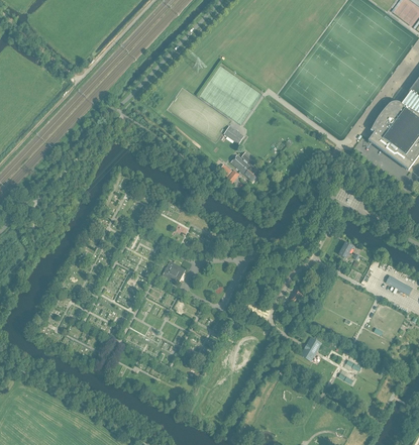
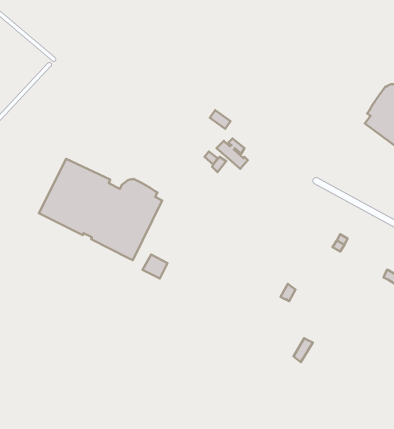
building: none -> [39,159,162,260]

